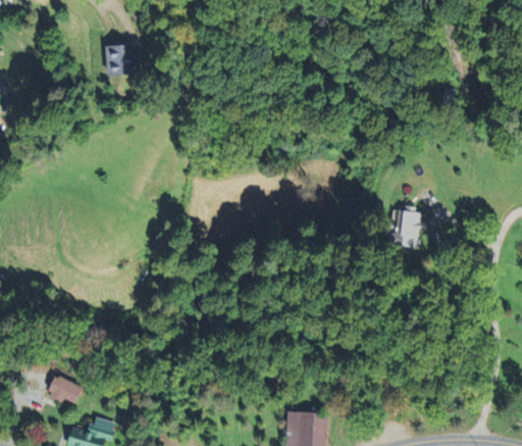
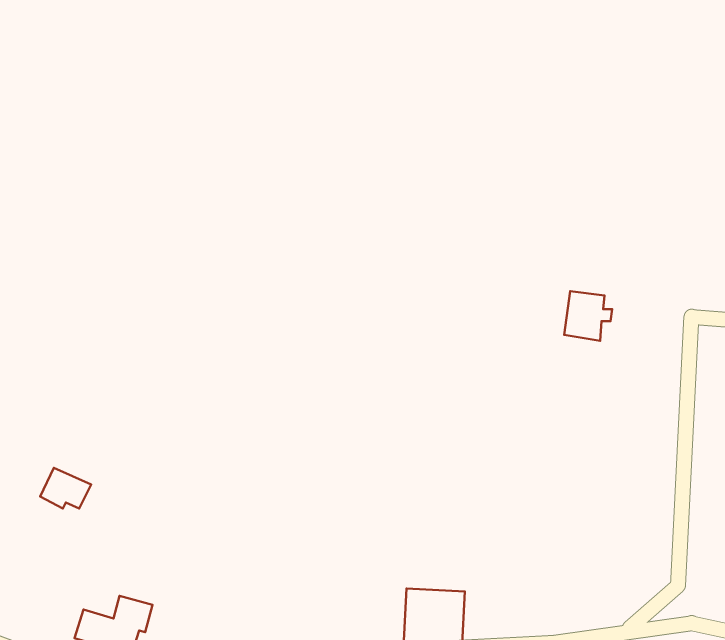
building: [107,44,136,75] -> none
building: [46,375,81,402] -> [40,468,91,508]

